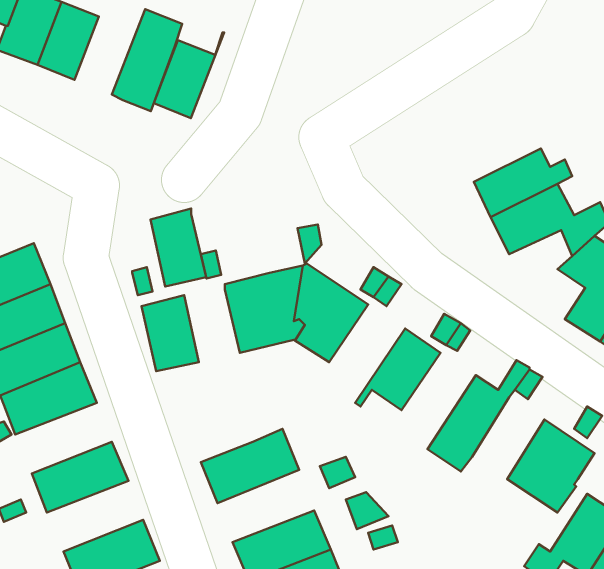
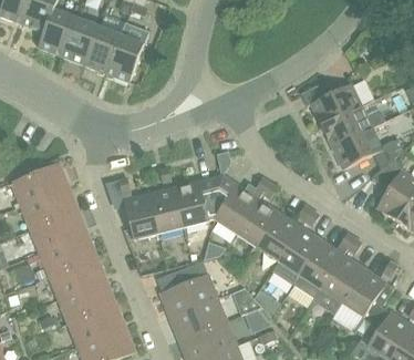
building: [154,33,224,118] -> [83,21,125,72]
building: none -> [300,80,361,124]
building: [150,208,206,286] -> [148,185,182,232]
building: none -> [235,197,280,256]
building: none -> [272,226,322,284]
building: none -> [320,253,363,301]
building: none -> [48,256,105,298]
building: none -> [168,296,226,339]
building: none -> [66,302,124,344]

